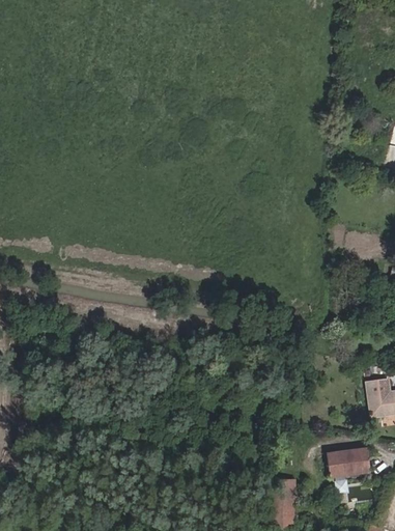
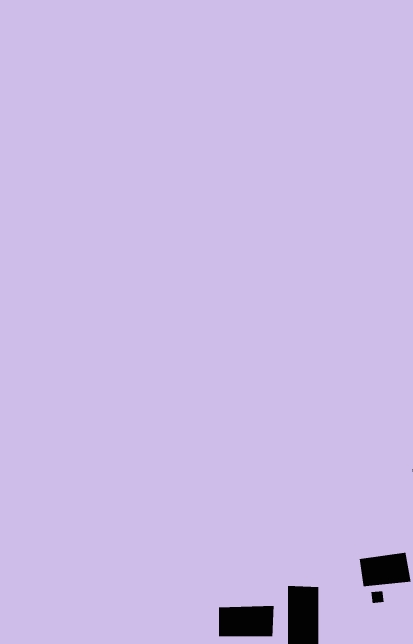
building: none -> [219,605,274,637]

